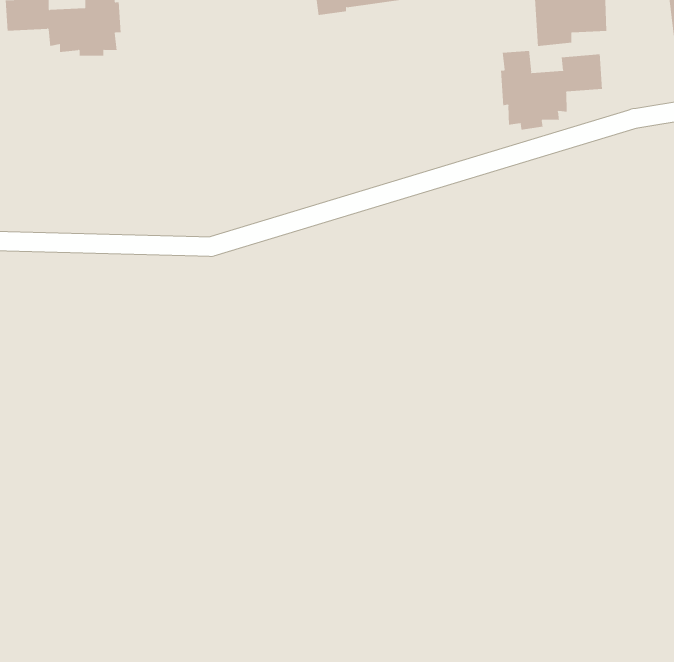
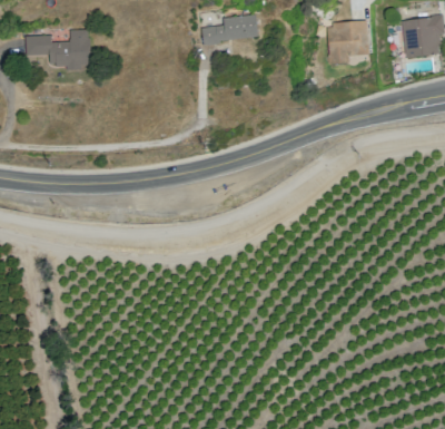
building: [501,50,602,131] -> none

